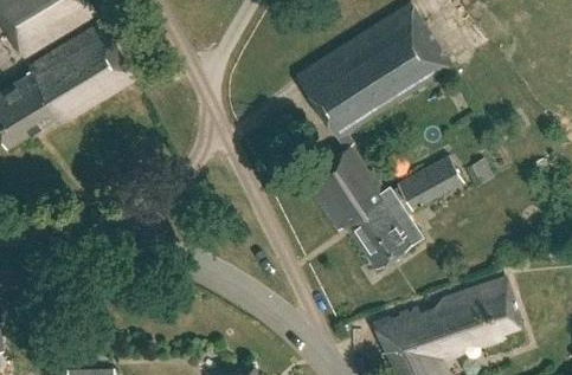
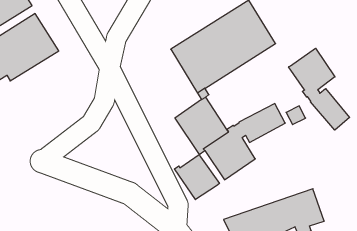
building: none -> [289,48,350,130]
building: none -> [174,155,219,200]

